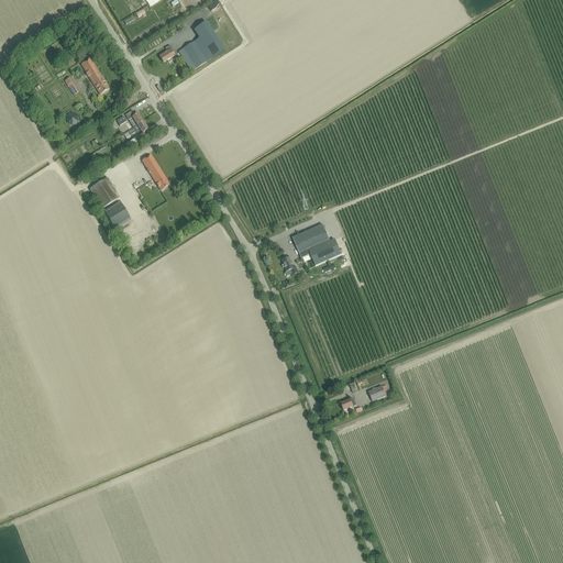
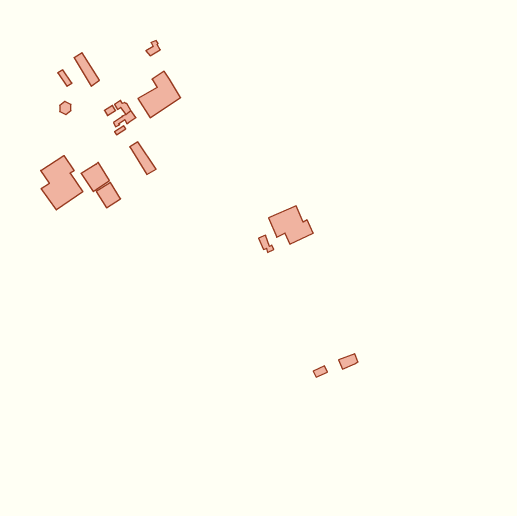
building: [177,20,223,70] -> [138,71,181,118]
building: none -> [41,156,83,210]

